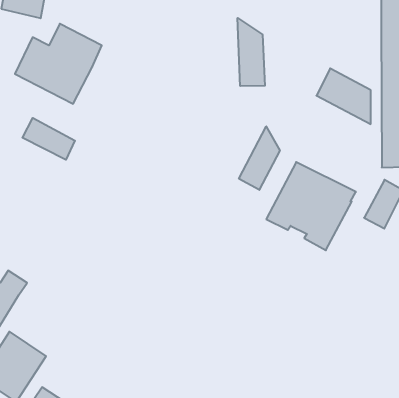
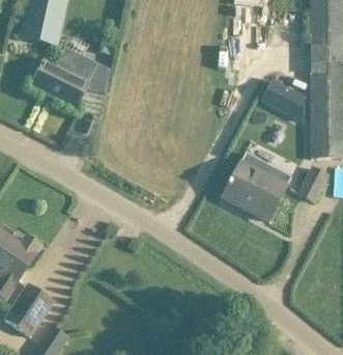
building: [238,18,265,86] -> none
building: [22,118,75,160] -> none
building: [239,126,280,190] -> none

